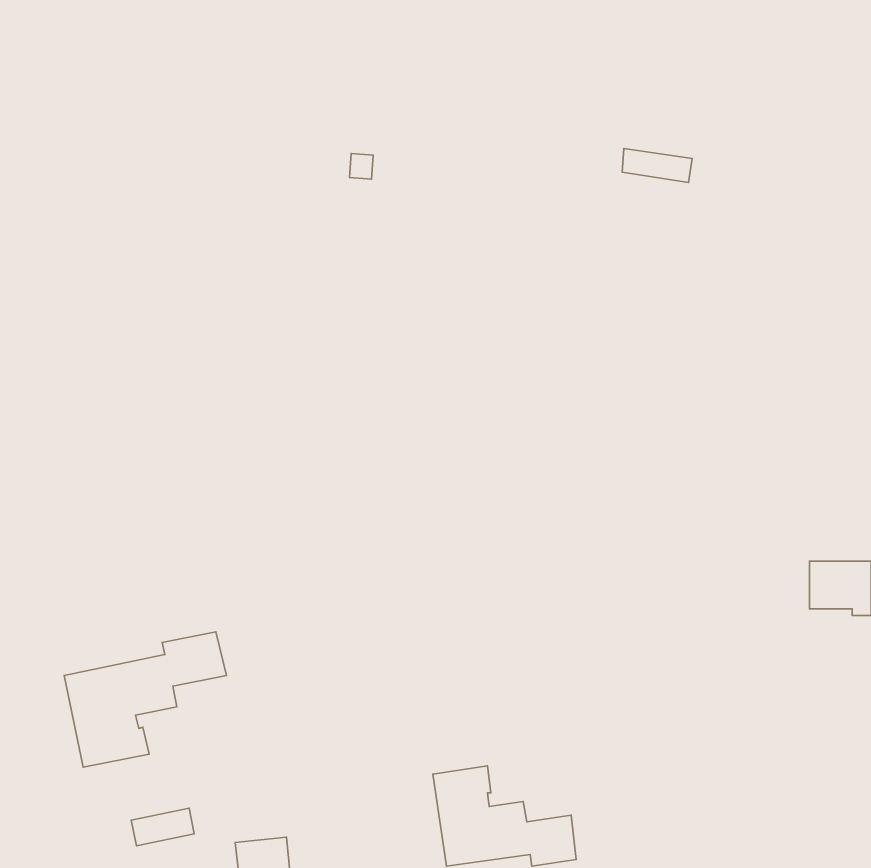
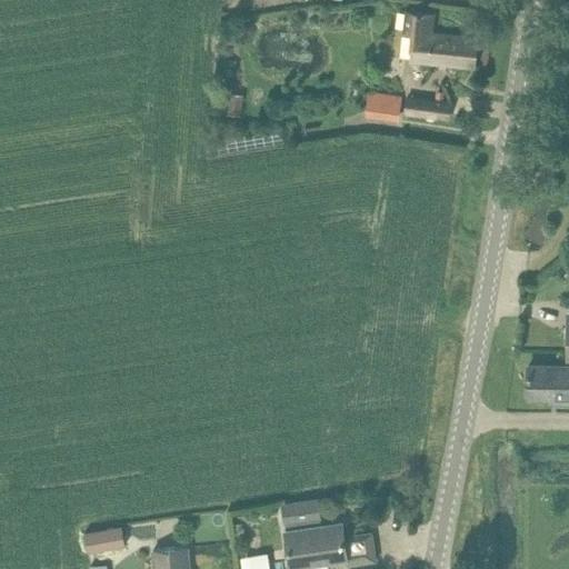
building: none -> [405,12,478,68]
building: none -> [365,92,402,120]
building: [64,632,226,767] -> none

